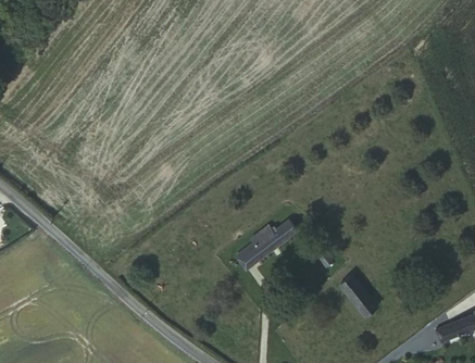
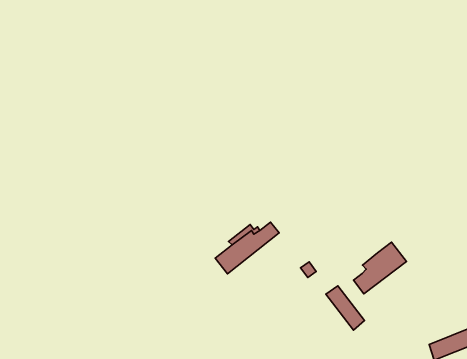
building: none -> [353,242,406,294]

